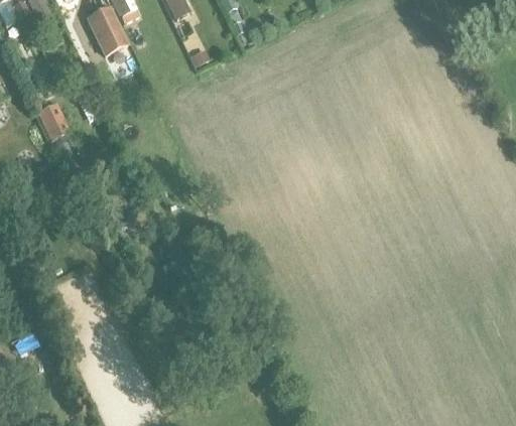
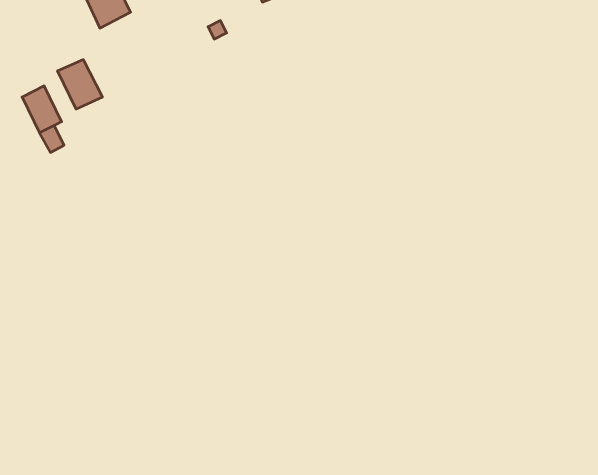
building: none -> [58,60,102,109]

